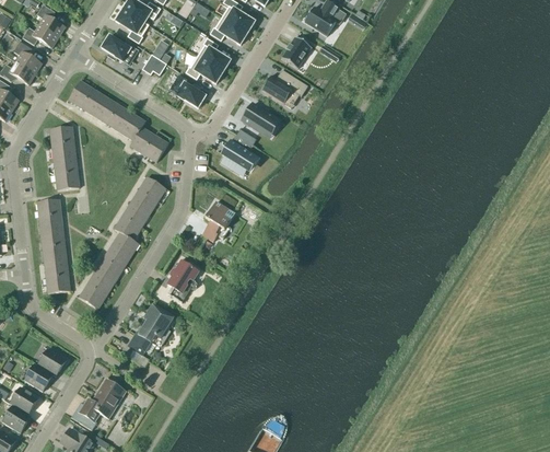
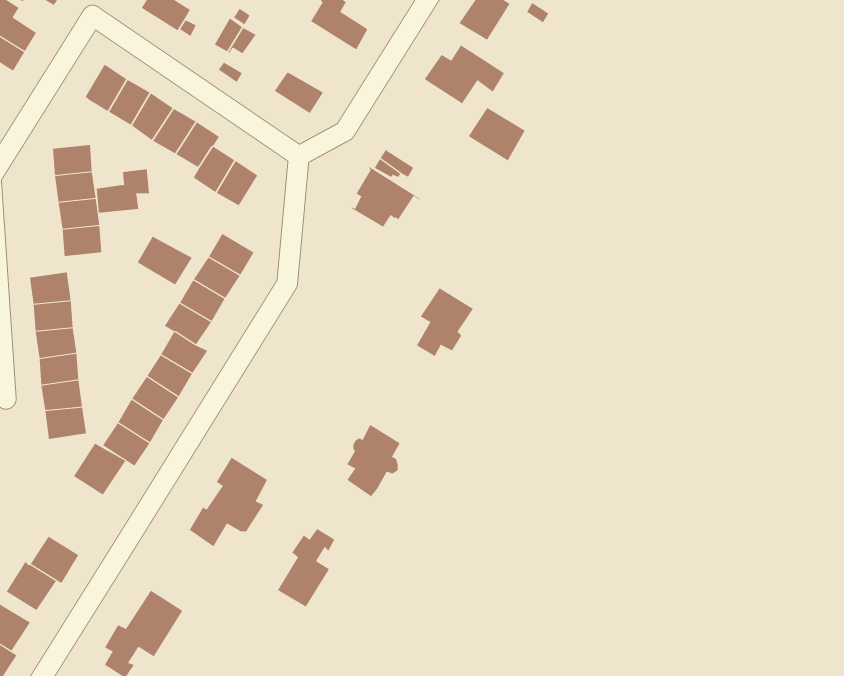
building: [185,56,223,83] -> none
building: [242,104,274,135] -> [468,107,525,161]
building: none -> [96,169,150,214]
building: none -> [137,236,193,285]
building: [202,201,235,241] -> [416,288,474,357]
building: [167,260,198,302] -> [347,424,401,497]
building: none -> [73,443,126,496]
building: none -> [277,528,335,608]

